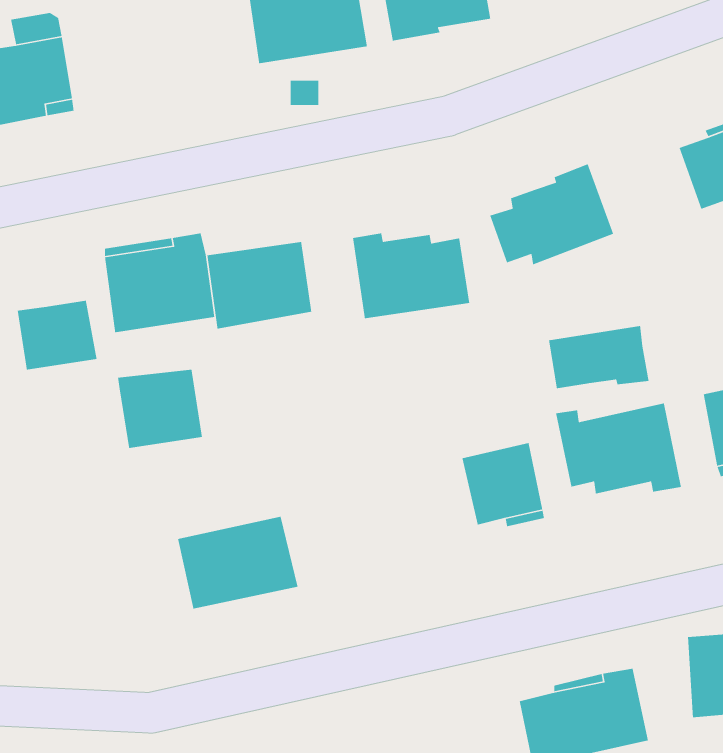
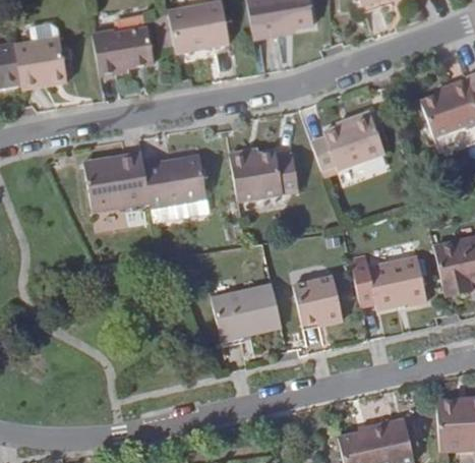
building: none -> [93,27,155,75]
building: [17,300,98,371] -> none
building: [548,325,649,389] -> none
building: [117,369,203,449] -> none
building: [177,516,299,610] -> [212,284,283,339]

